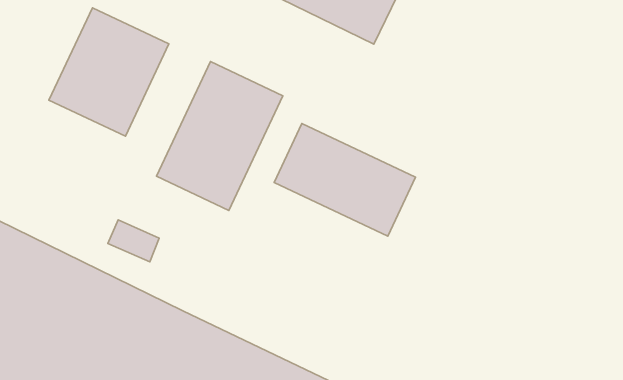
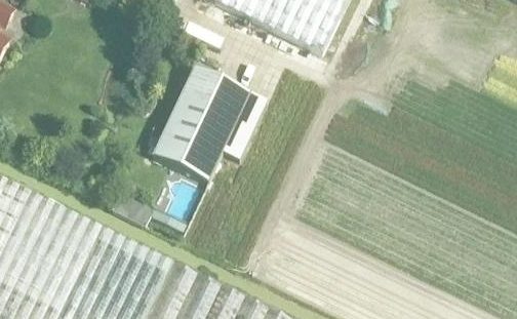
building: [49,8,169,136] -> none
building: [274,124,415,236] -> none

